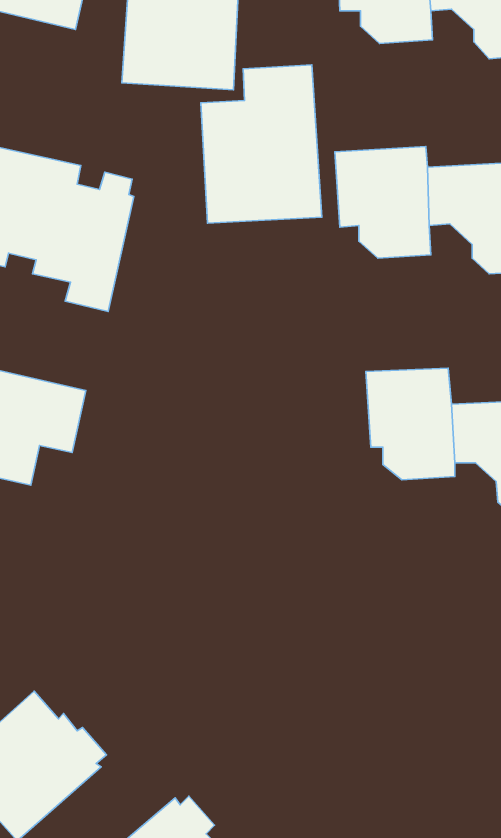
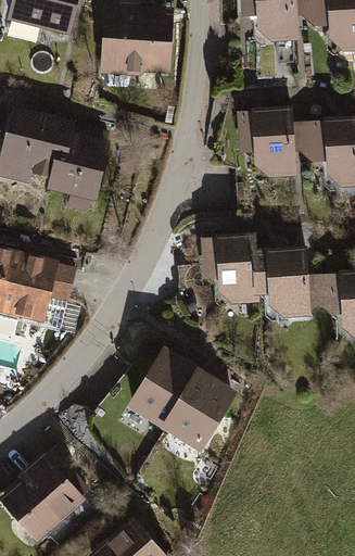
building: [201,65,322,223] -> none
building: none -> [202,232,258,307]
building: none -> [127,348,241,454]

